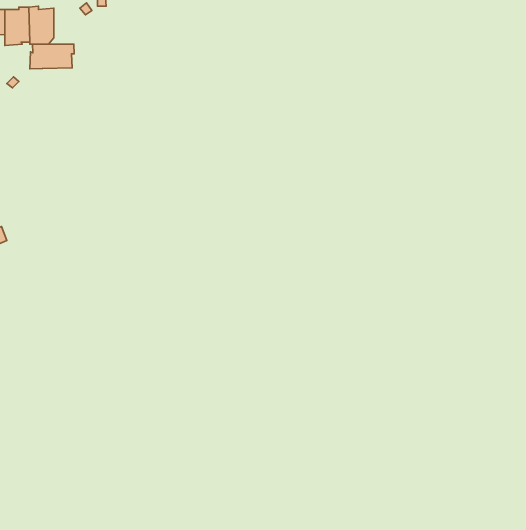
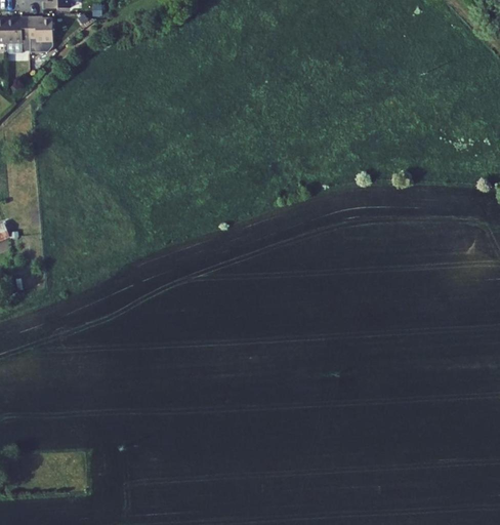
building: [30,44,74,69] -> none

